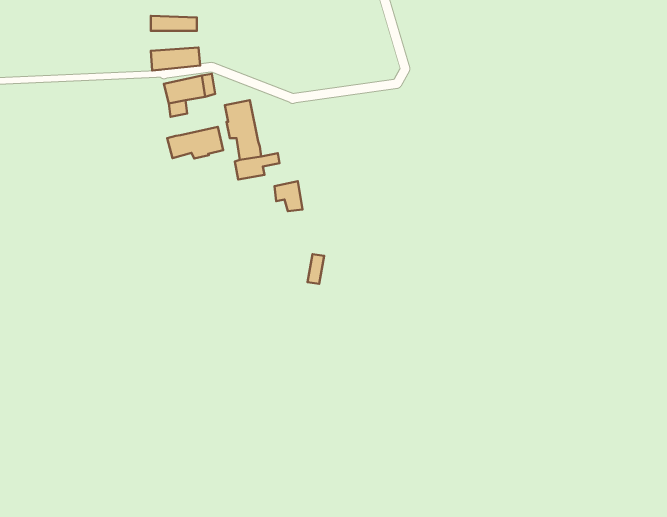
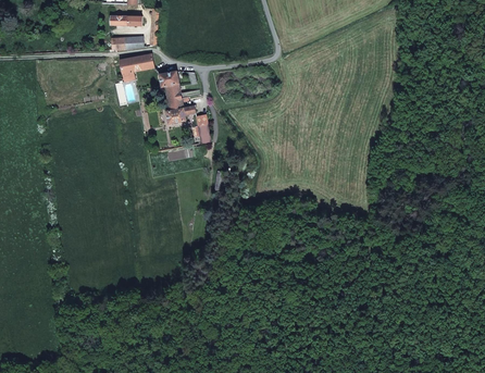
building: [167,127,223,159] -> none

